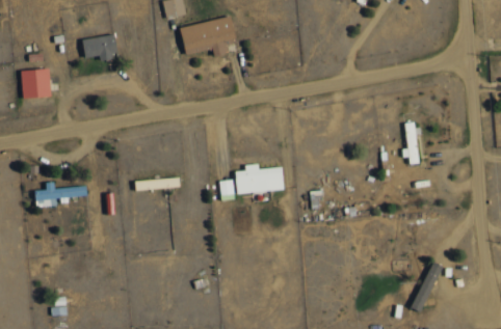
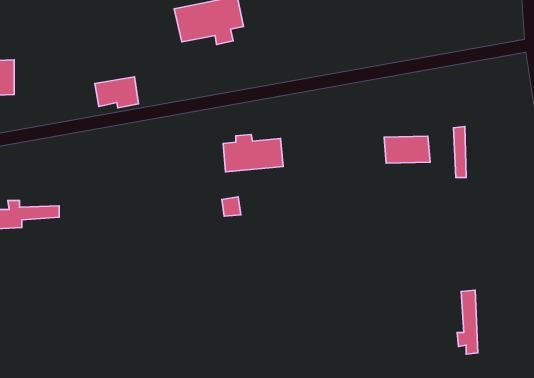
building: [82,34,117,59] -> [95,77,138,108]
building: none -> [384,136,430,163]
building: [235,164,284,194] -> [223,135,283,172]

